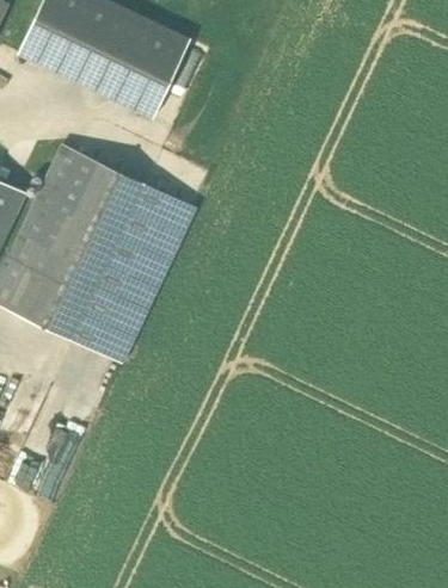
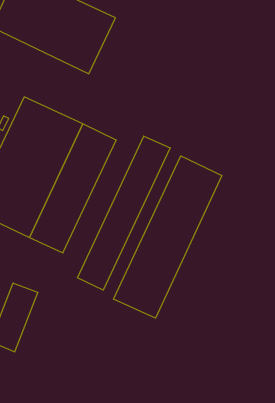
building: none -> [77,136,170,290]
building: none -> [114,156,222,318]

